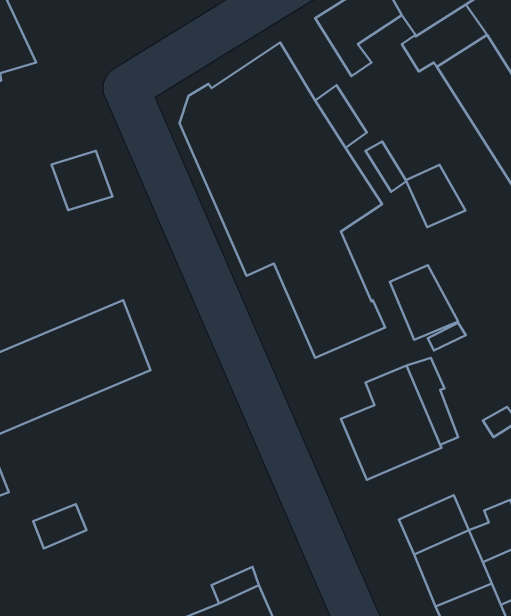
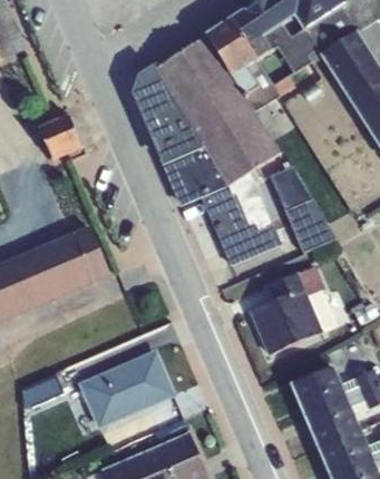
building: none -> [262,14,320,70]
building: none -> [205,17,257,77]
building: [406,165,465,227] -> [270,164,313,209]
building: none -> [79,349,175,427]

